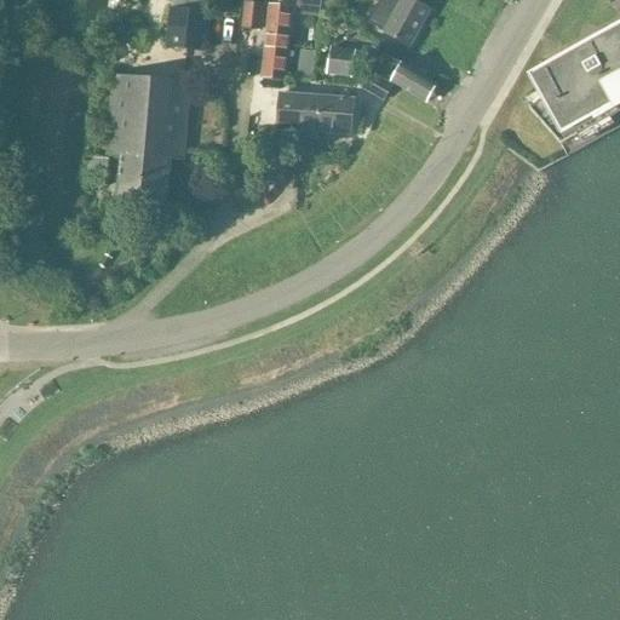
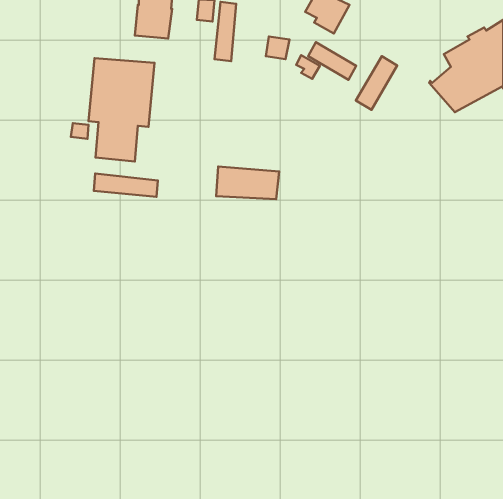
building: none -> [356,56,397,110]
building: [277,90,355,130] -> [216,167,279,199]
building: none -> [94,174,158,197]

